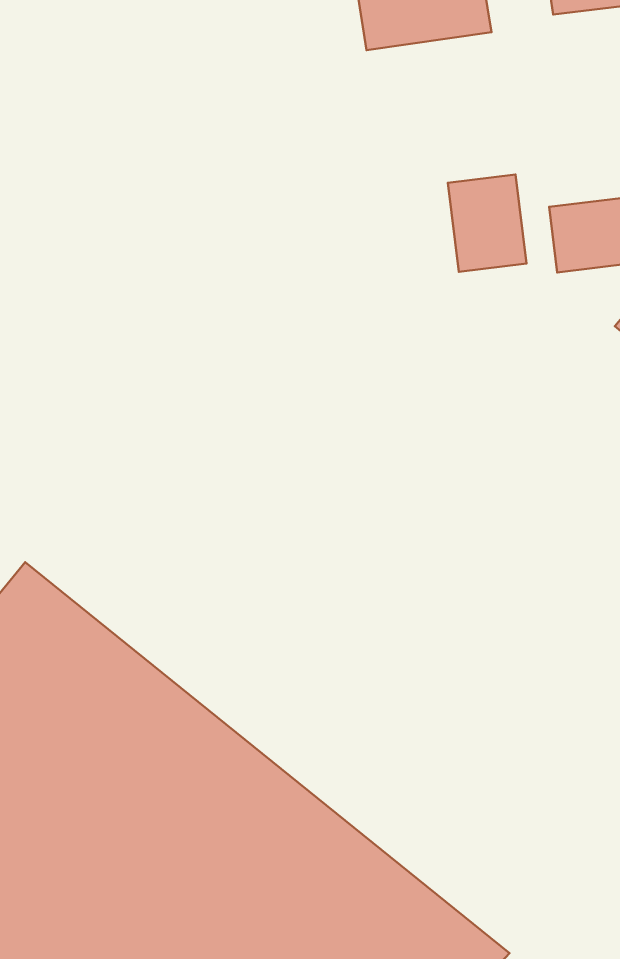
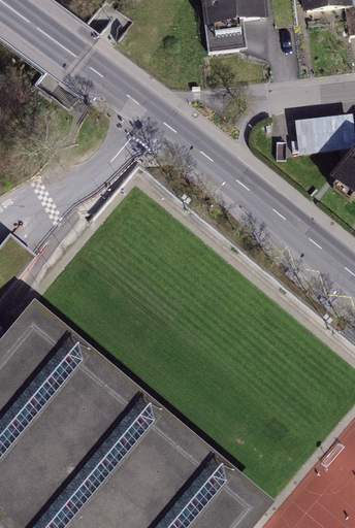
building: [448,175,526,272] -> none

